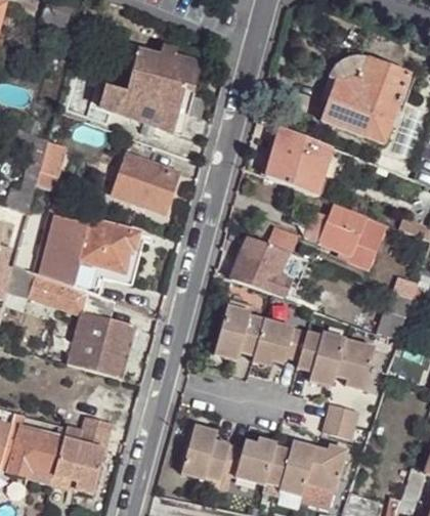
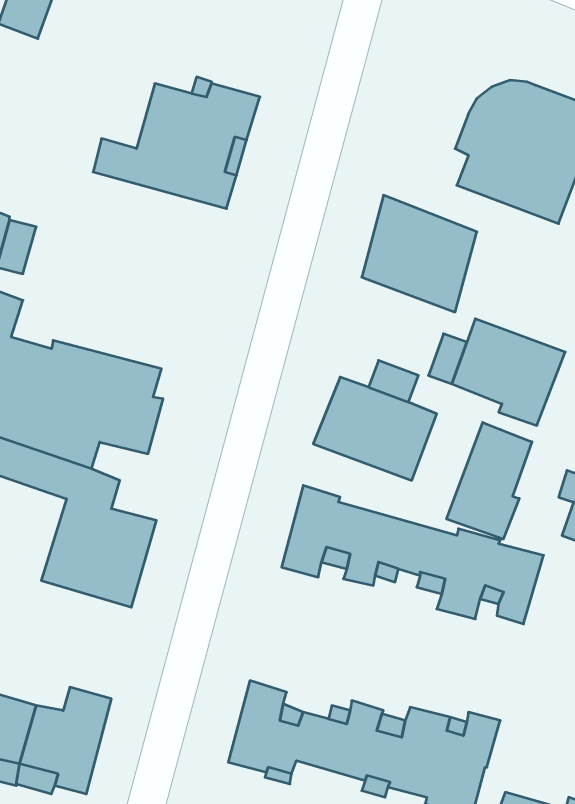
building: [114,155,177,210] -> none
building: none -> [447,422,532,539]
building: [324,400,359,437] -> none

